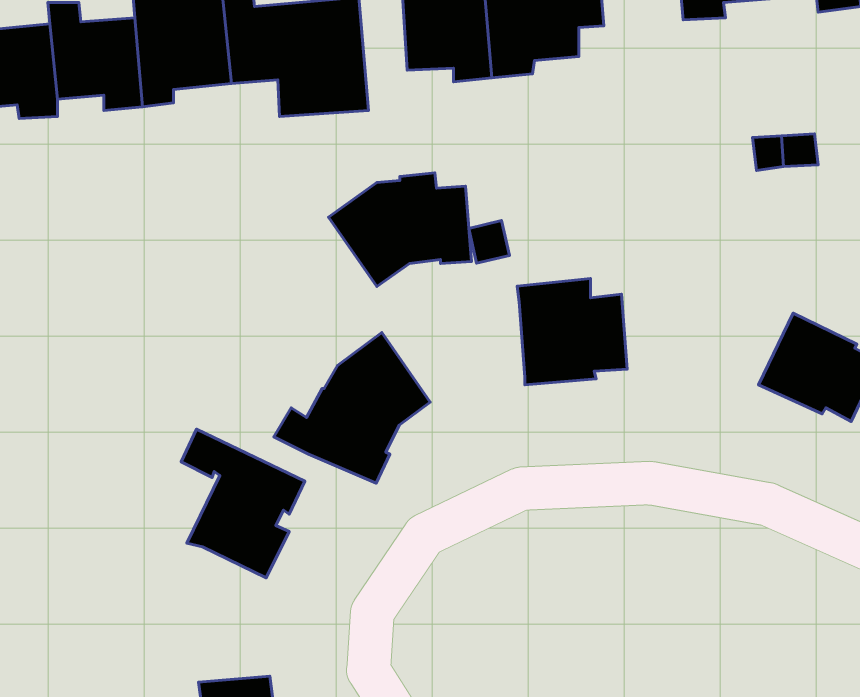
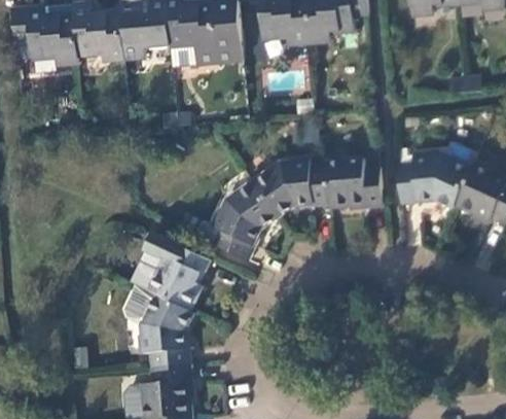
building: [329,173,471,287] -> [250,158,326,218]
building: none -> [395,155,469,209]
building: none -> [124,288,191,368]

